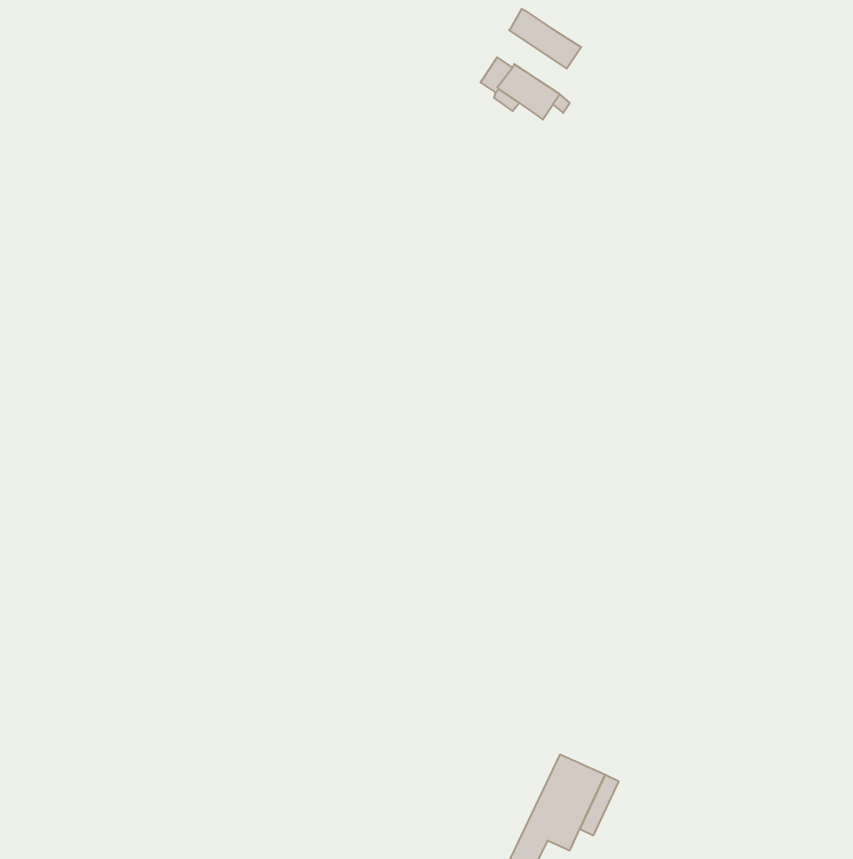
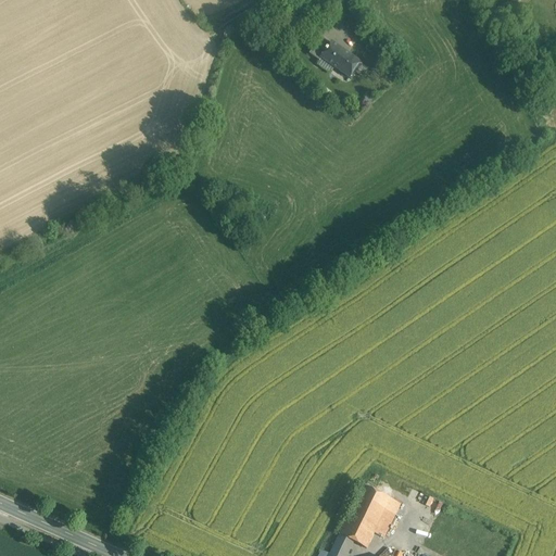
building: [509,9,581,69] -> none

